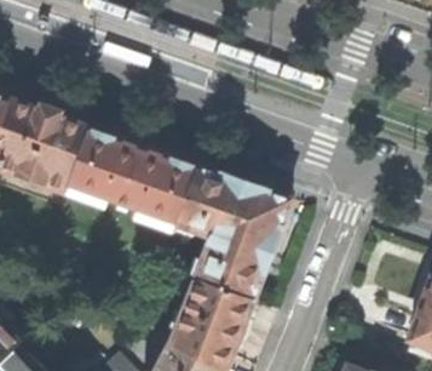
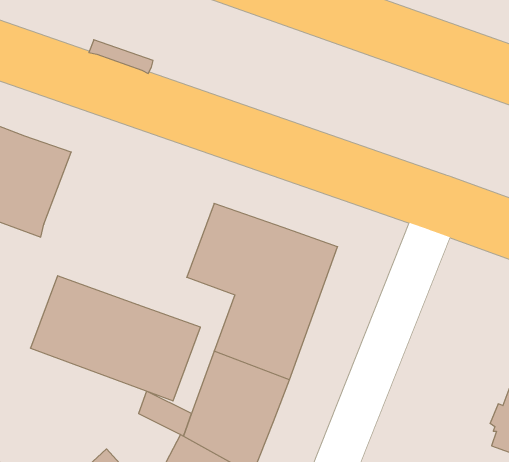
building: [68,129,196,223] -> [30,276,200,401]

